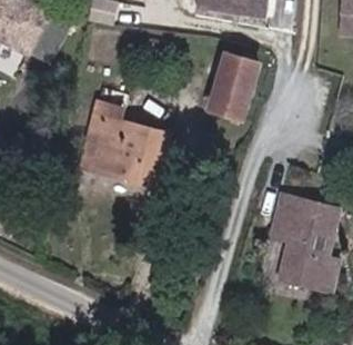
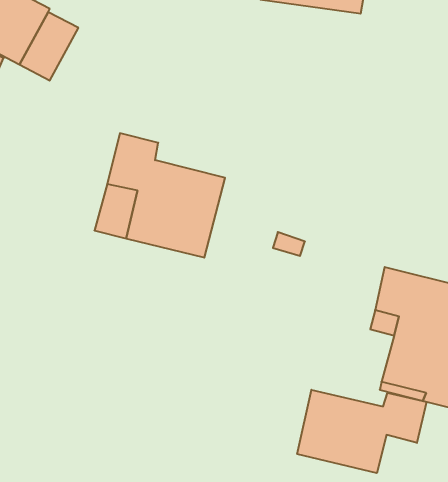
building: [210,52,256,118] -> none
building: none -> [297,390,426,473]

